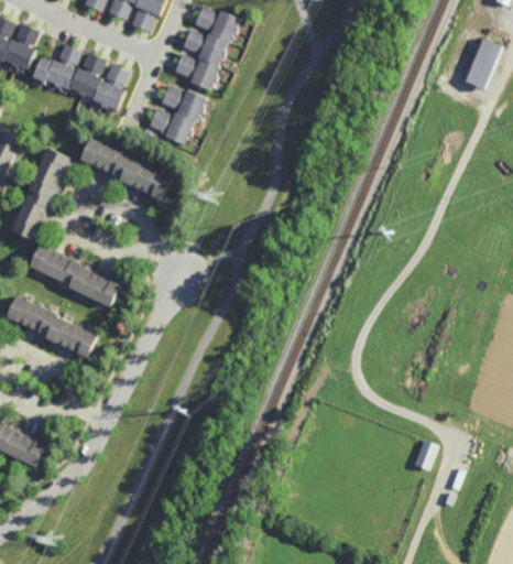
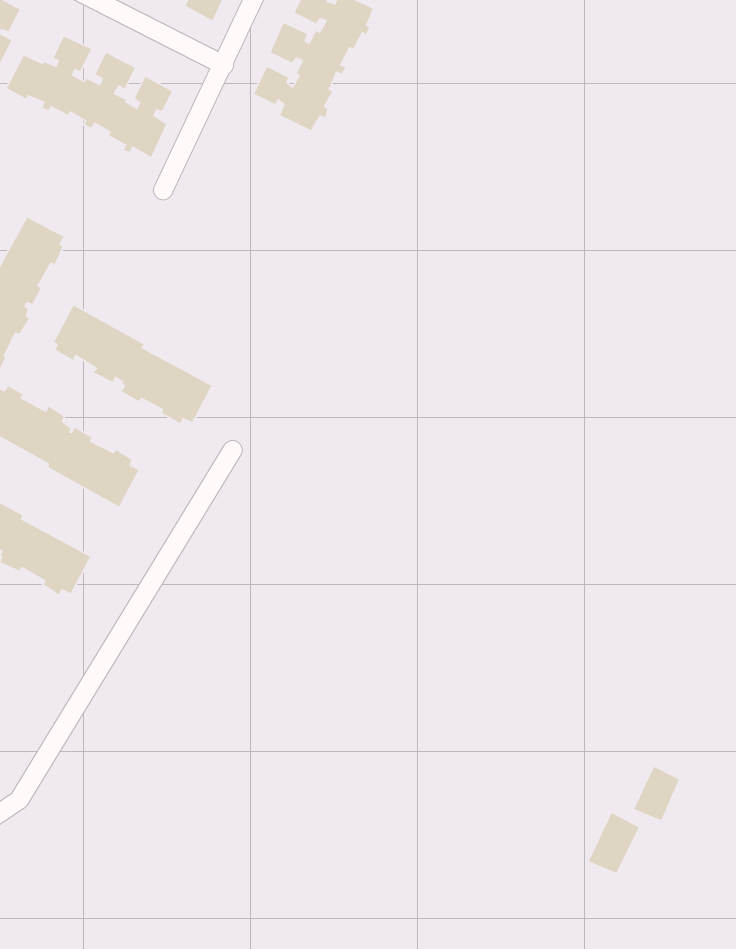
building: [150,87,204,144] -> none
building: [83,139,174,203] -> [53,304,212,424]
building: none -> [588,812,640,874]

